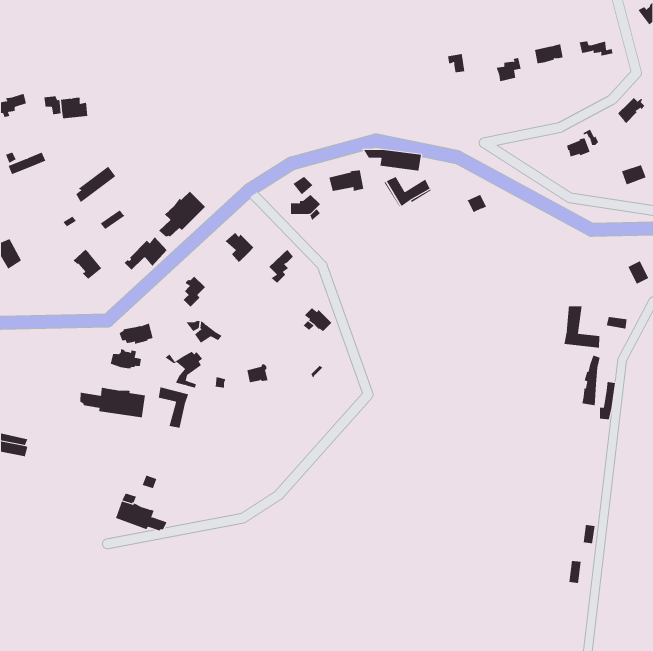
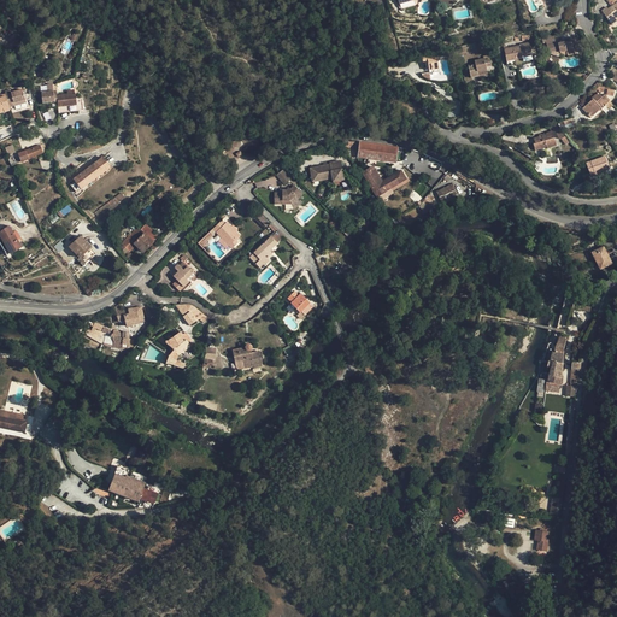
building: [158,191,206,237] -> none
building: [564,305,600,348] -> none
building: [158,387,189,428] -> none
building: [80,387,146,418] -> none

